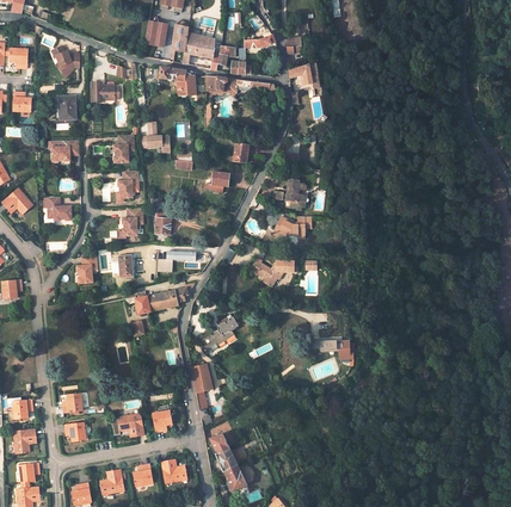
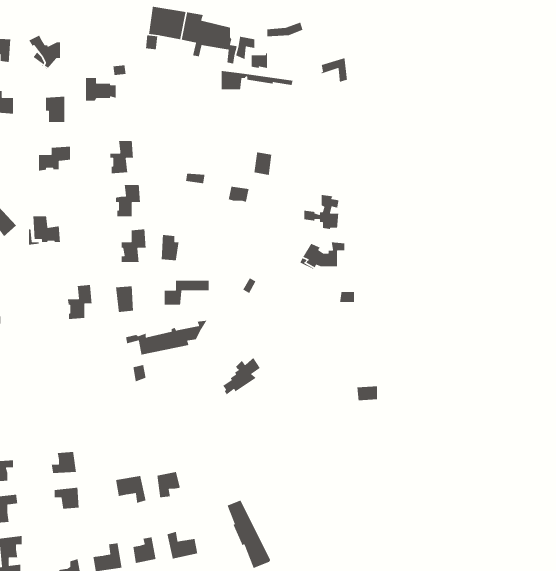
building: [159,67,196,95] -> none
building: [141,119,171,153] -> none
building: [247,258,296,286] -> none
building: [192,364,214,419] -> none

